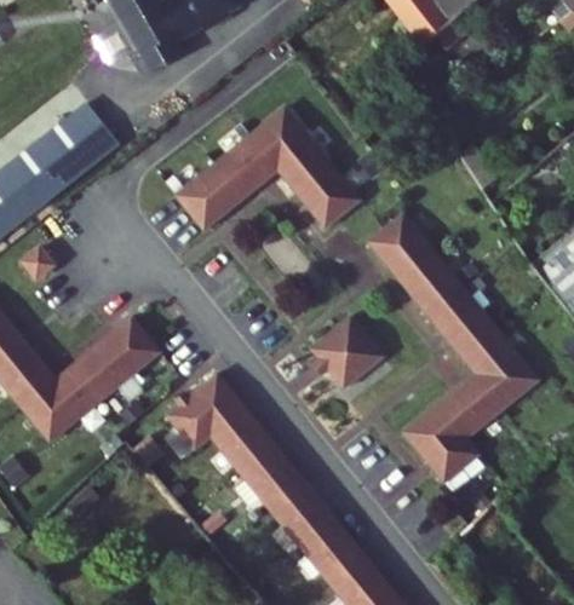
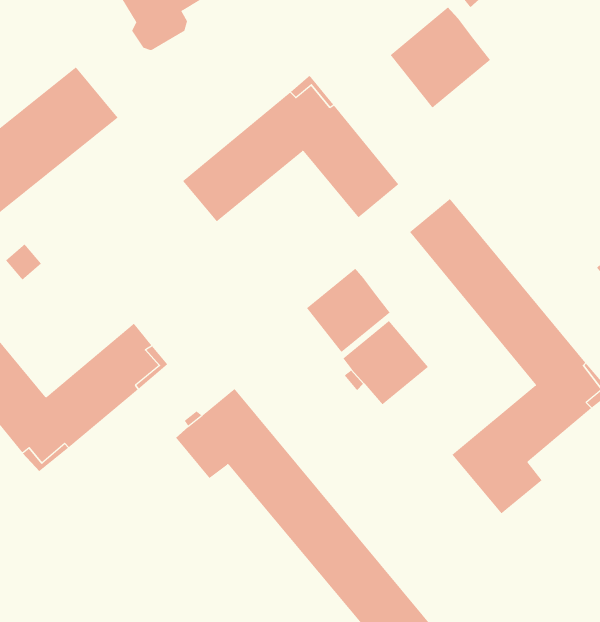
building: none -> [390,6,491,109]
building: none -> [306,268,390,353]

